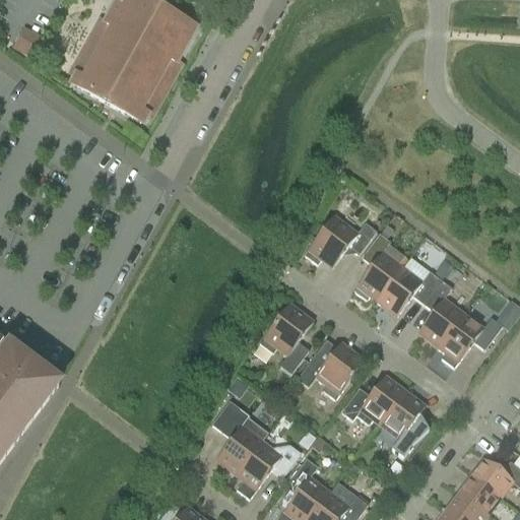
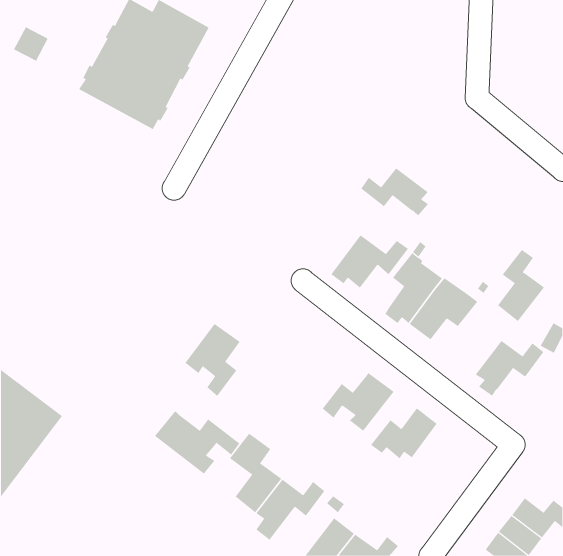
building: none -> [360,168,429,216]
building: [418,278,462,345] -> [497,249,545,322]
building: [260,305,312,373] -> [184,323,241,397]
building: none -> [154,410,240,475]
building: [380,391,433,457] -> none

